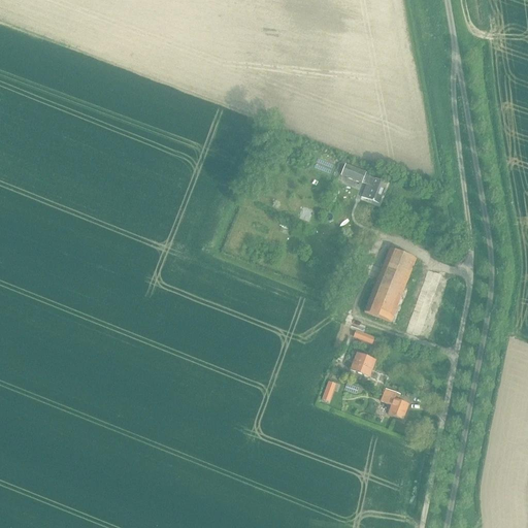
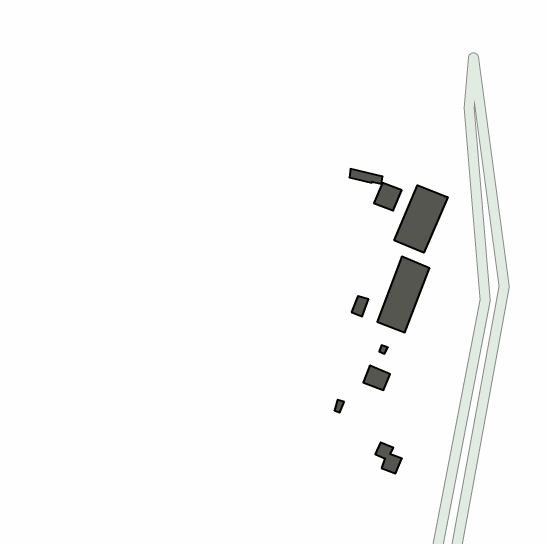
building: none -> [394,185,448,253]
building: [382,388,407,418] -> [375,442,402,473]

